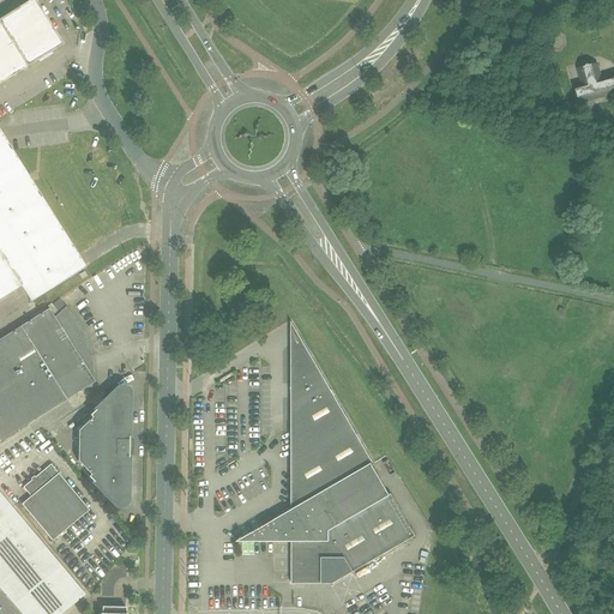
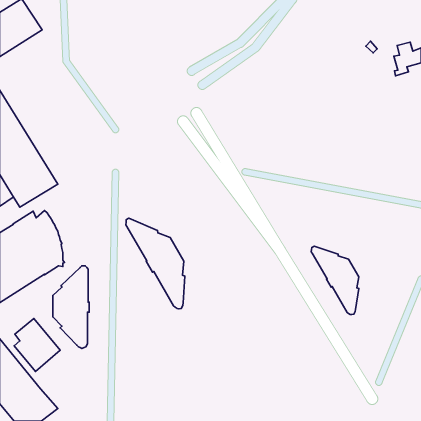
building: none -> [126,218,185,309]
building: [235,344,414,583] -> none
building: none -> [311,246,359,315]

